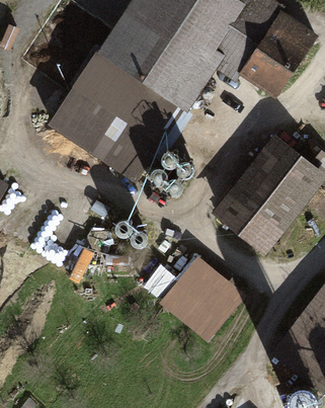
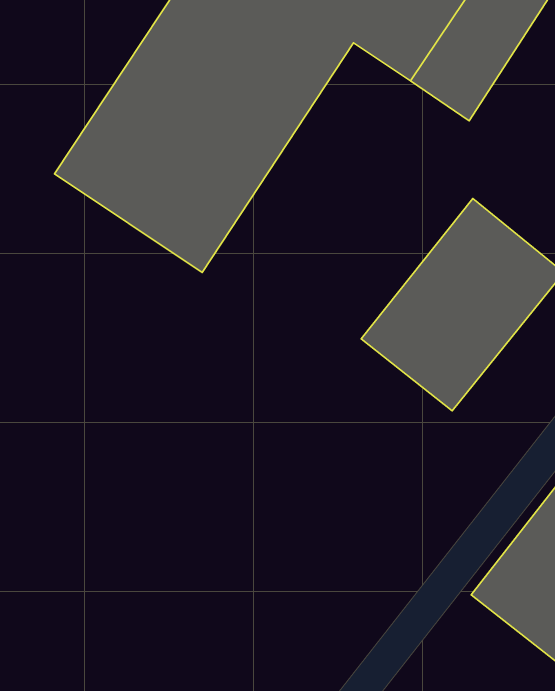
building: [162,257,248,342] -> none

